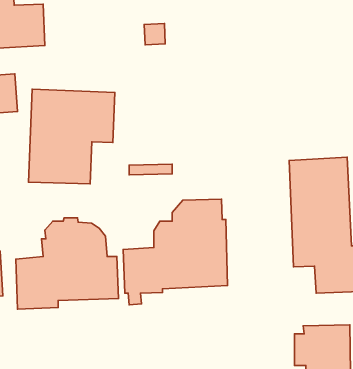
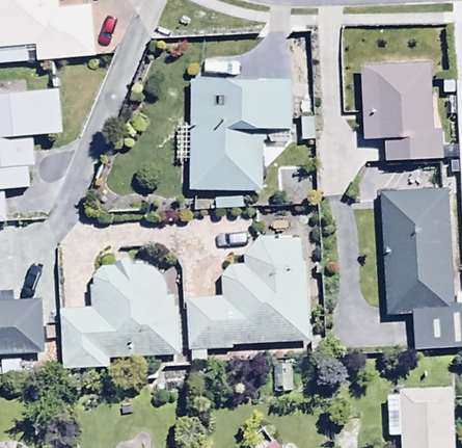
building: none -> [361,61,445,160]
building: [29,89,115,184] -> [189,77,291,189]

